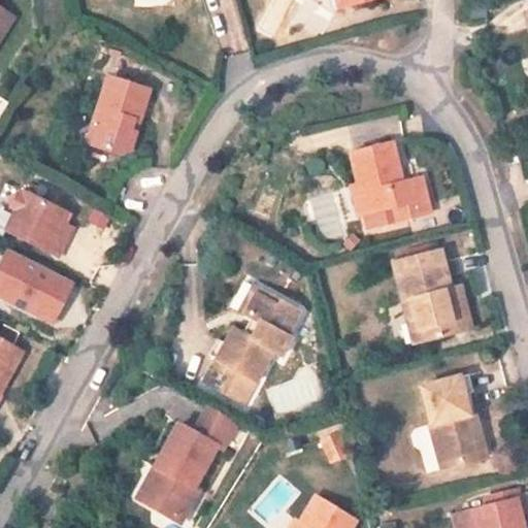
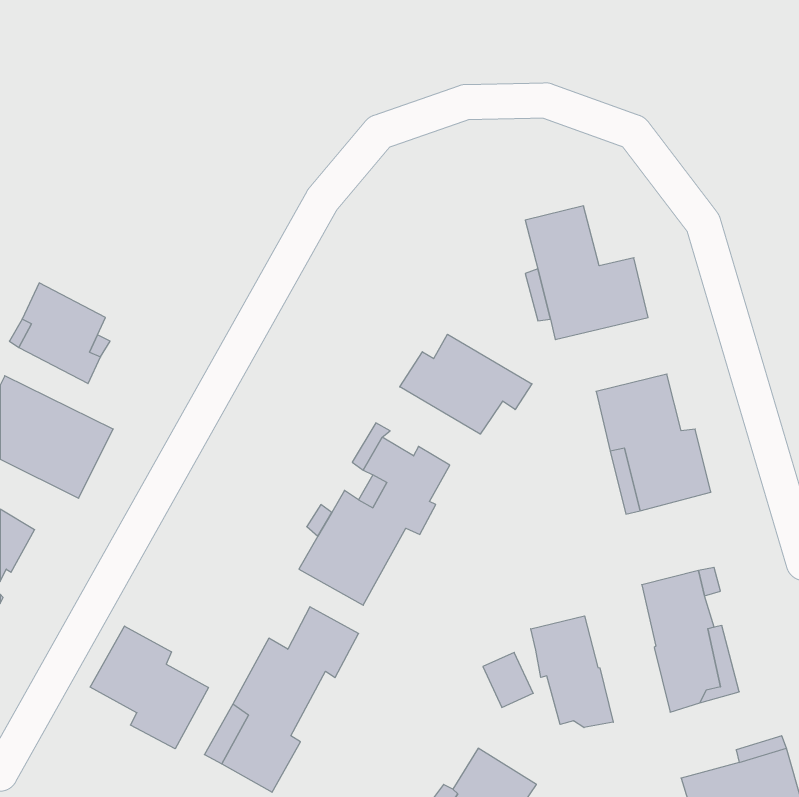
building: [93,77,148,156] -> none
building: none -> [400,334,532,434]
building: none -> [531,616,613,728]
building: none -> [90,626,208,749]

